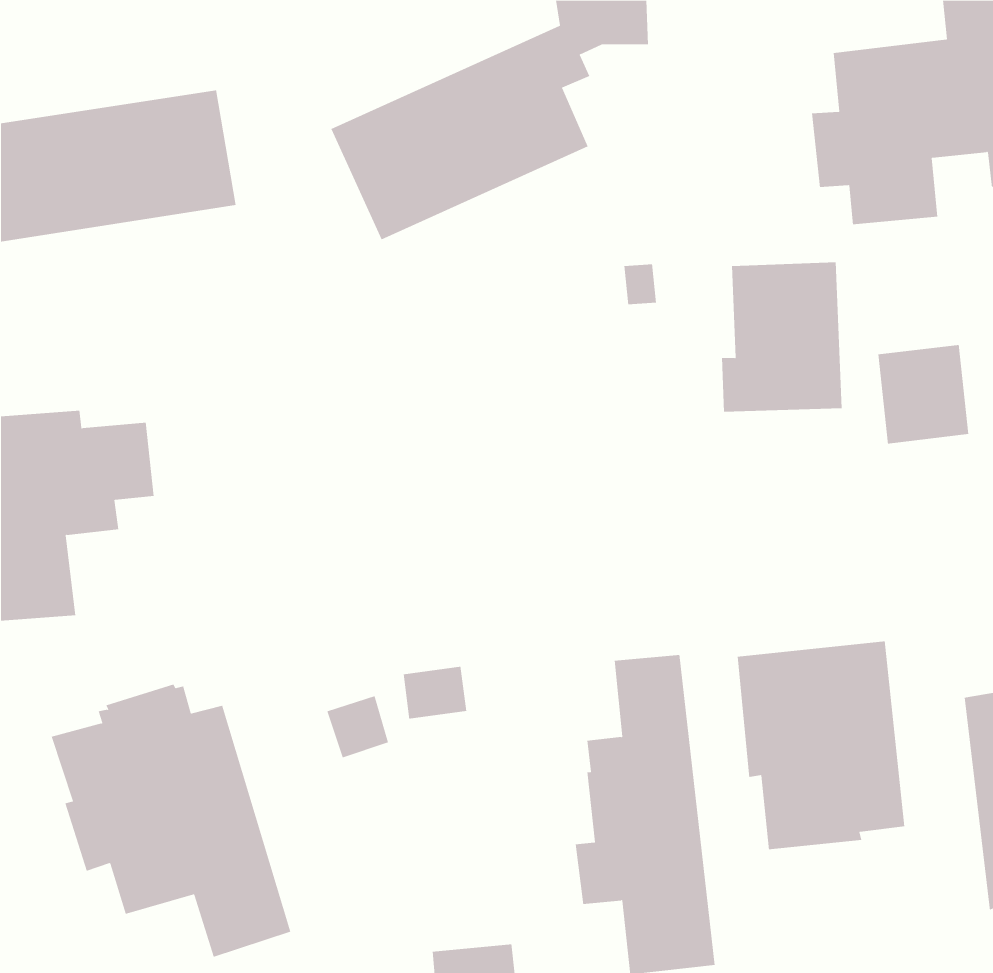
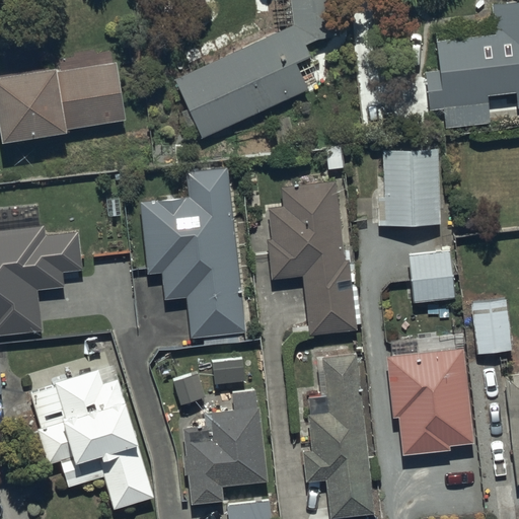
building: none -> [139,166,245,339]
building: none -> [267,181,357,337]
building: [877,344,969,444] -> [407,251,455,303]
building: none -> [471,301,512,356]
building: none -> [181,391,267,504]

